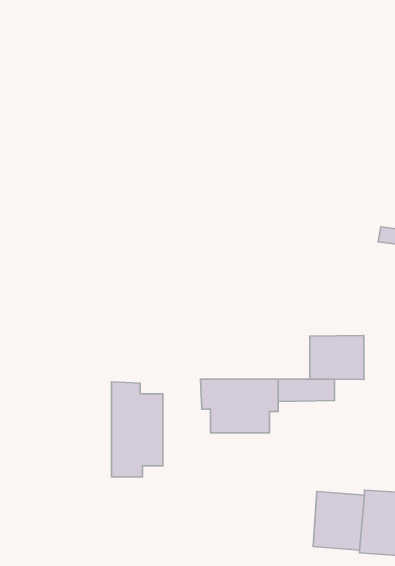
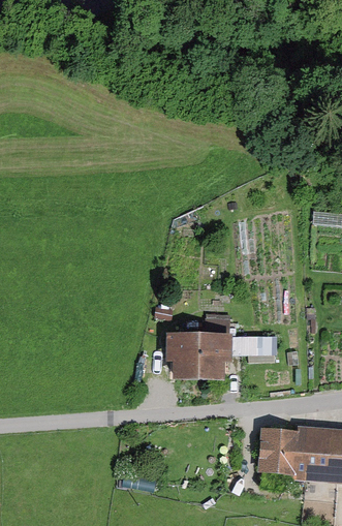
building: [310,335,364,379] -> none
building: [111,382,163,477] -> none

